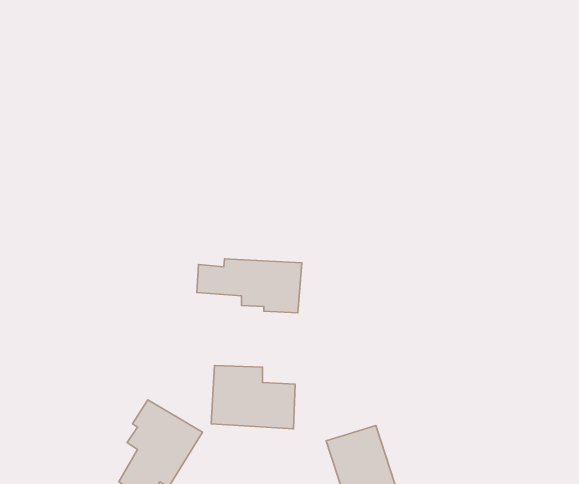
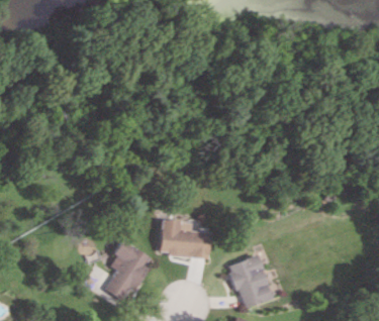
building: [197,259,302,313] -> none

